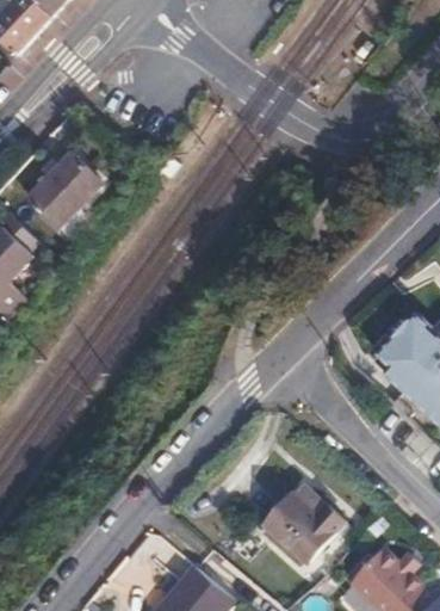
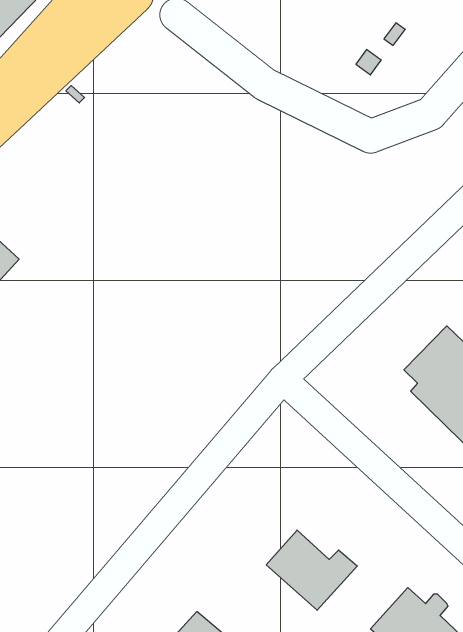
building: [30,148,99,221] -> none

